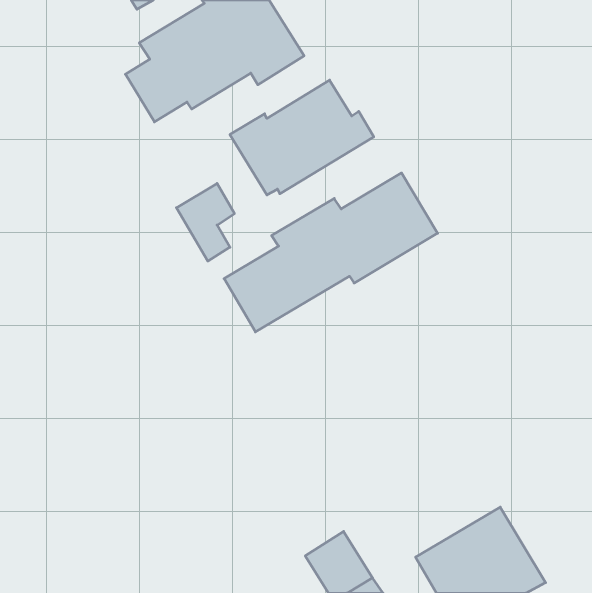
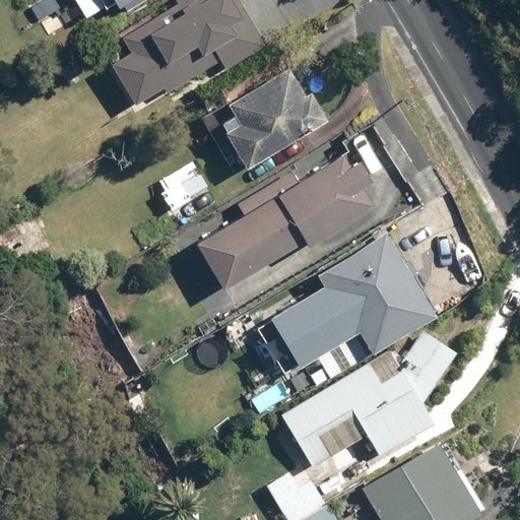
building: none -> [265,233,438,368]
building: none -> [282,332,455,467]

